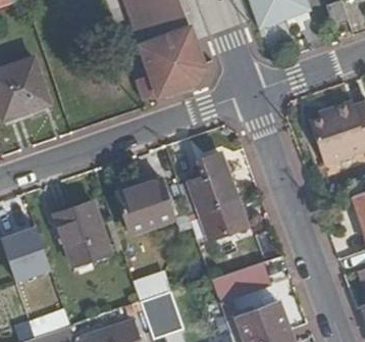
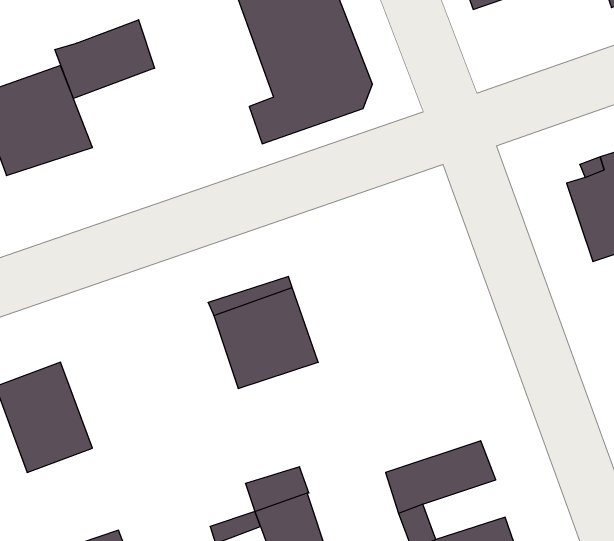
building: none -> [55,20,155,99]
building: [189,149,249,237] -> none
building: [55,202,109,265] -> none

